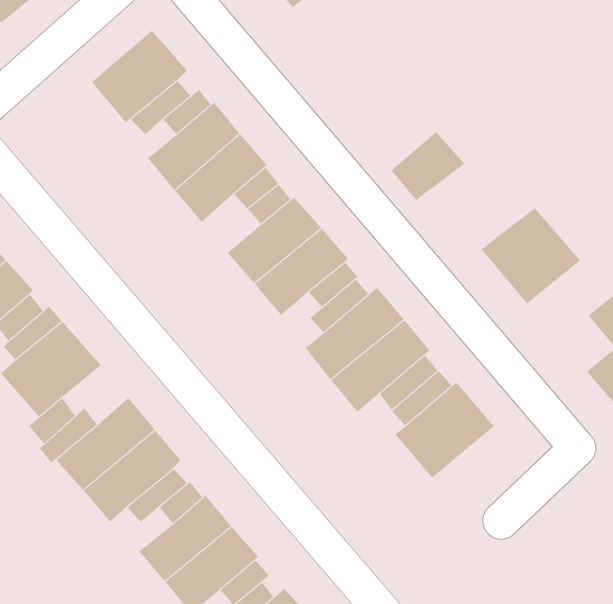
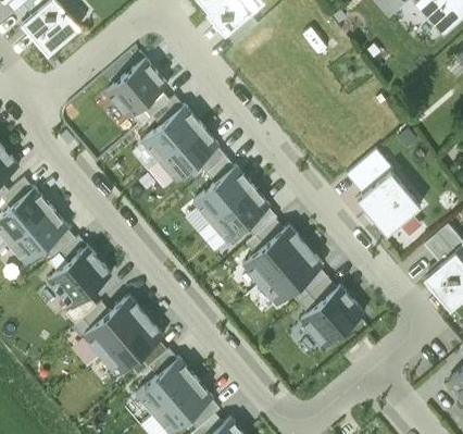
building: [391,132,465,201] -> [347,150,395,195]

